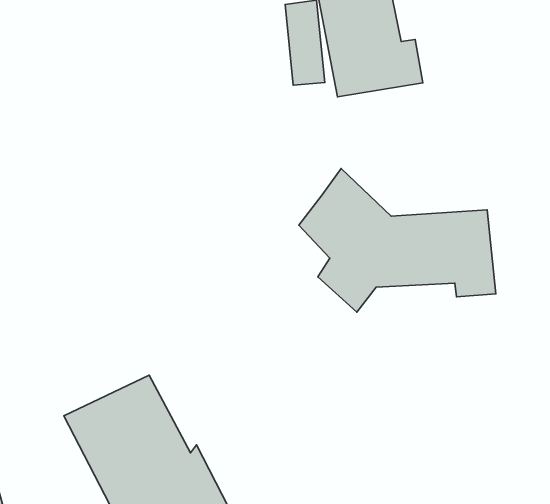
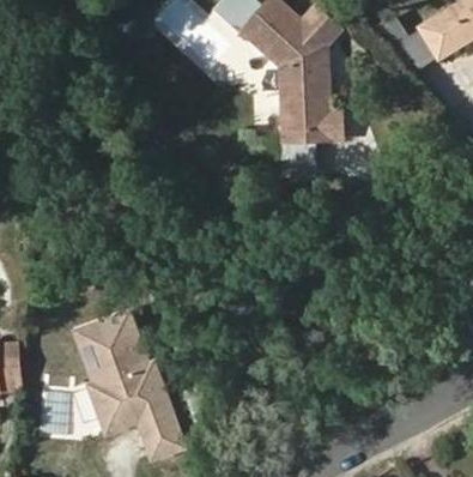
building: [299,168,496,312] -> none

